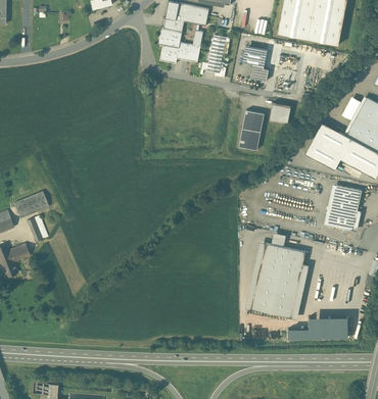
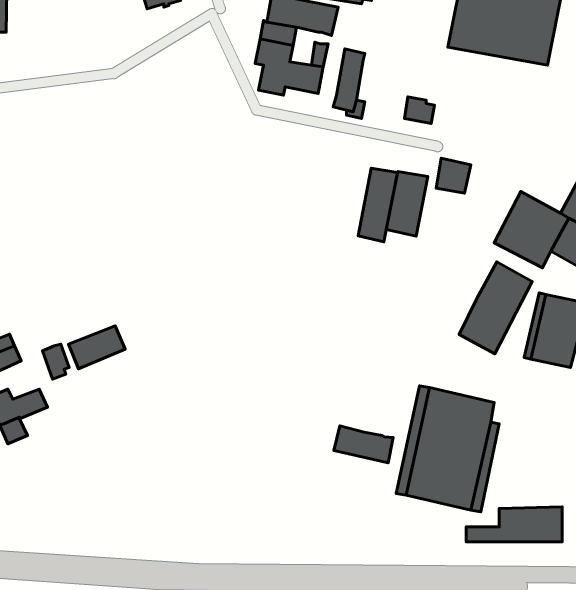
building: [242,45,268,66] -> none
building: none -> [358,168,397,242]
building: none -> [459,262,532,354]
building: [14,192,49,218] -> [69,326,125,369]
building: none -> [334,426,393,463]

